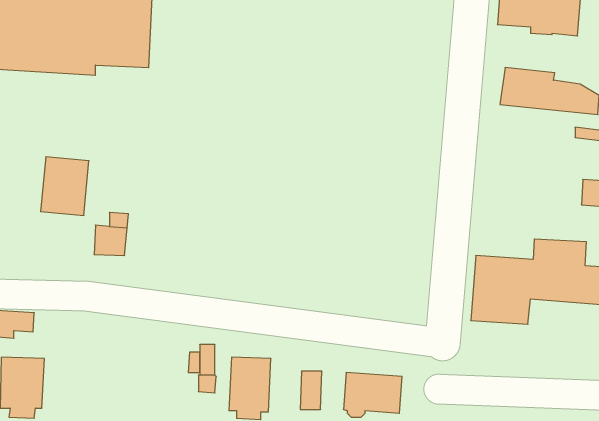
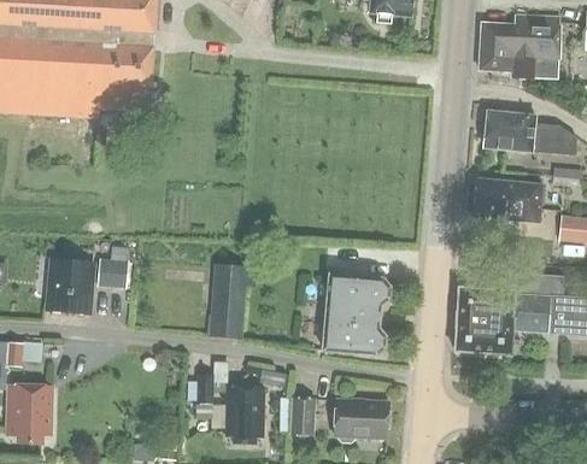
building: none -> [475,181,539,219]
building: [41,157,89,215] -> [47,258,93,313]
building: none -> [209,264,257,336]
building: none -> [322,275,389,353]

